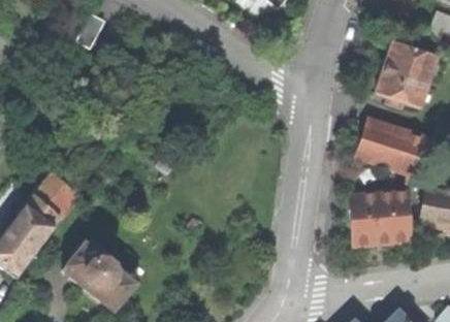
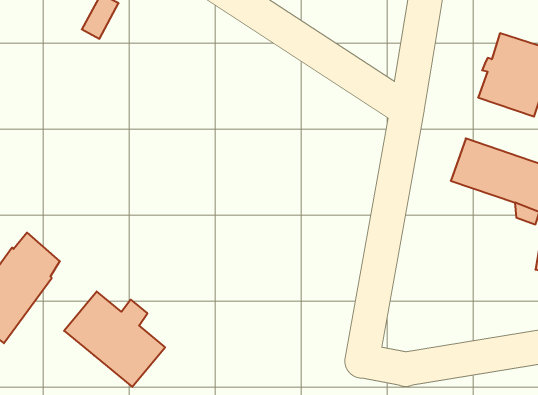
building: [35,173,81,218] -> none
building: [349,193,409,244] -> none

